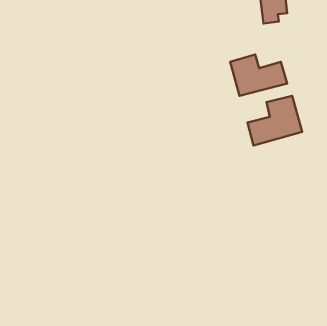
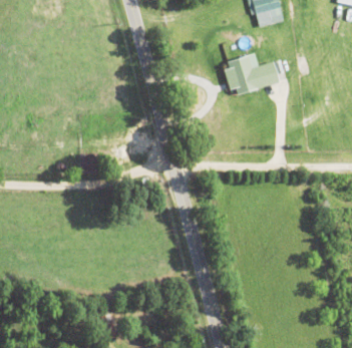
building: [248,96,302,146] -> none

